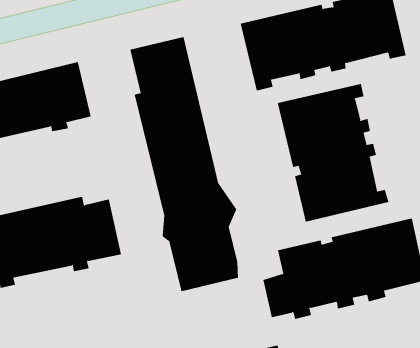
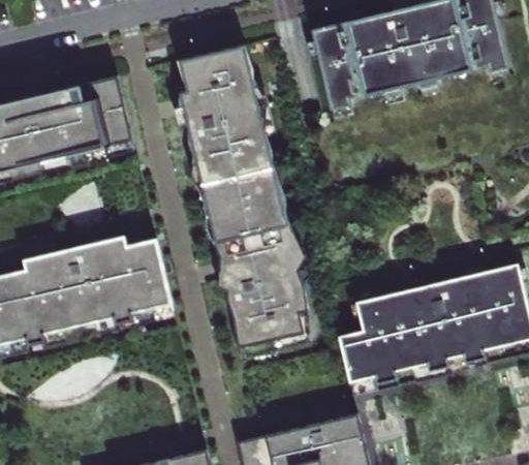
building: [277,83,389,223] -> none

